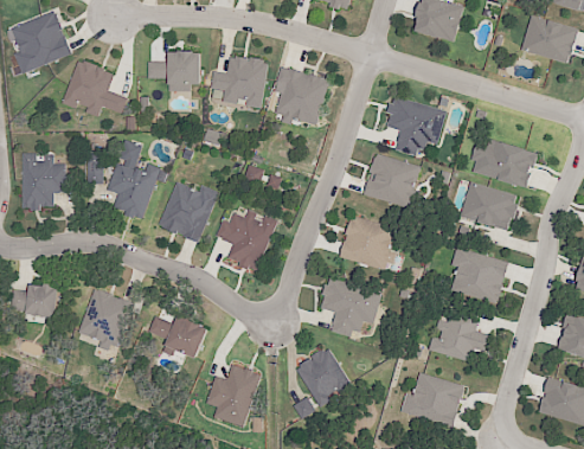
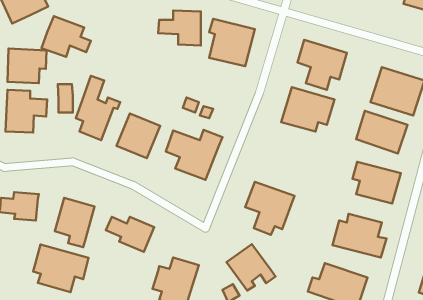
building: [143,54,200,91] -> none
building: none -> [8,49,47,83]
building: [339,214,406,269] -> none
building: none -> [33,244,88,292]

